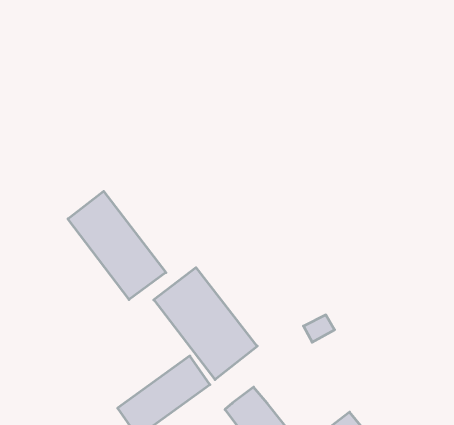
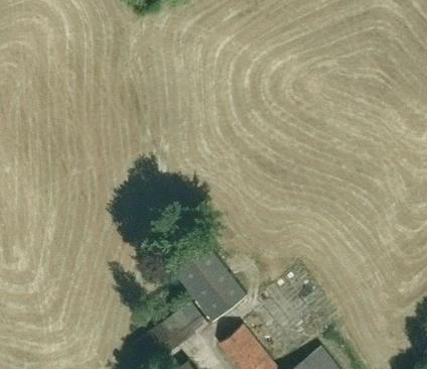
building: [68,191,166,300] -> none

